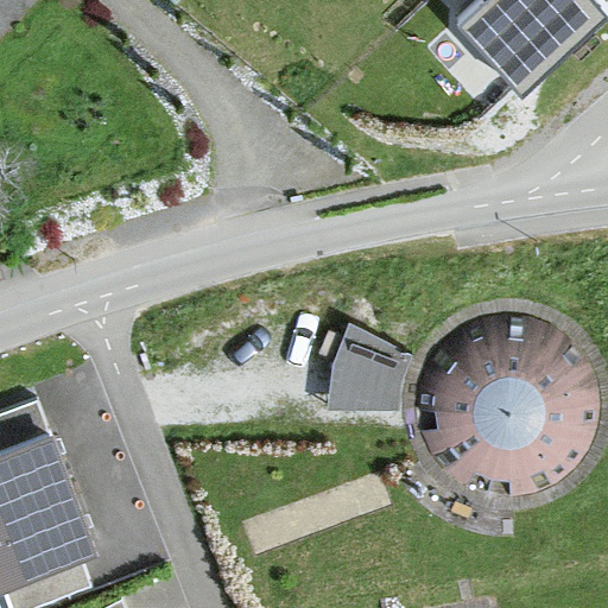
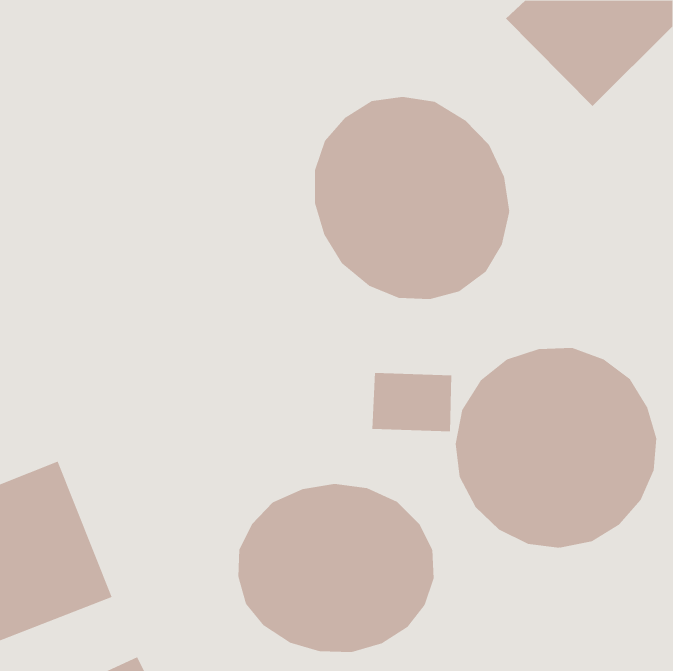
building: none -> [314,96,510,300]
building: none -> [238,483,434,653]

